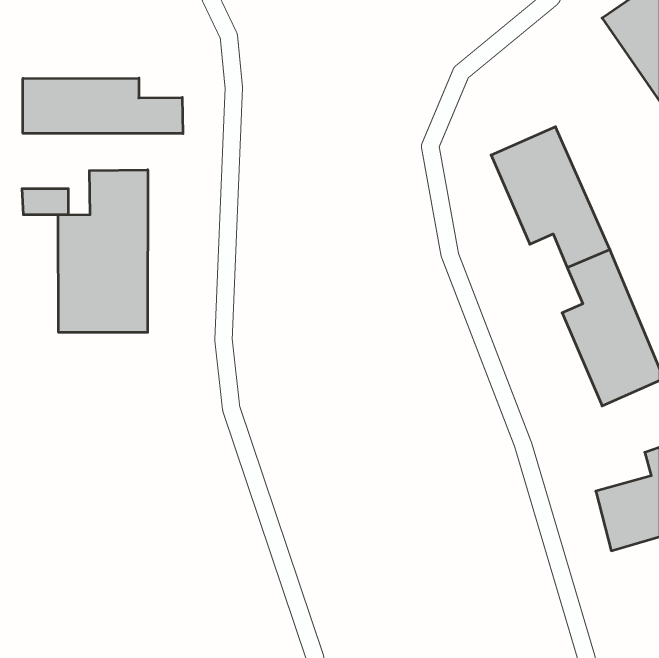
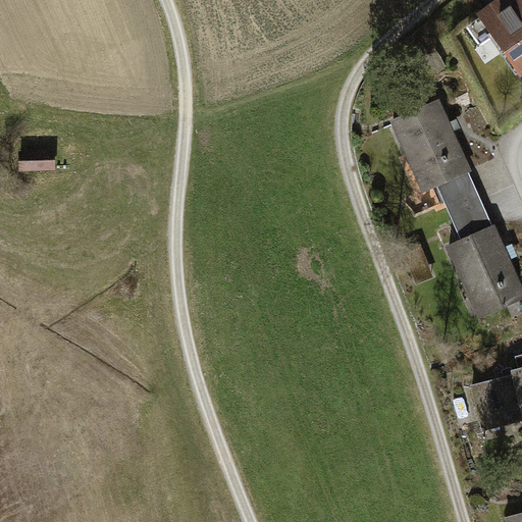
building: [23,78,183,134] -> none
building: [58,170,148,332] -> none

